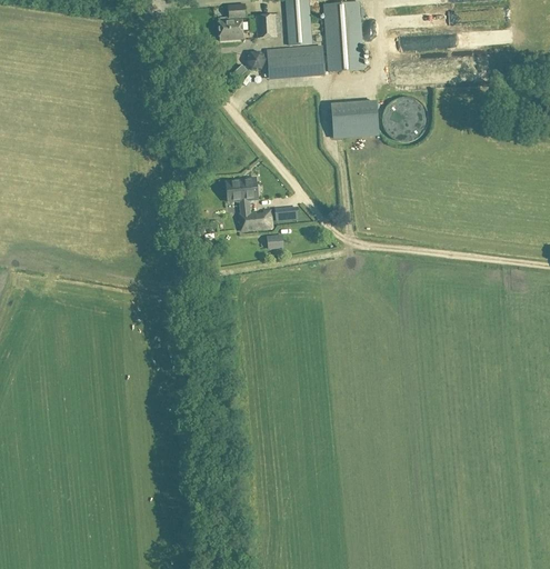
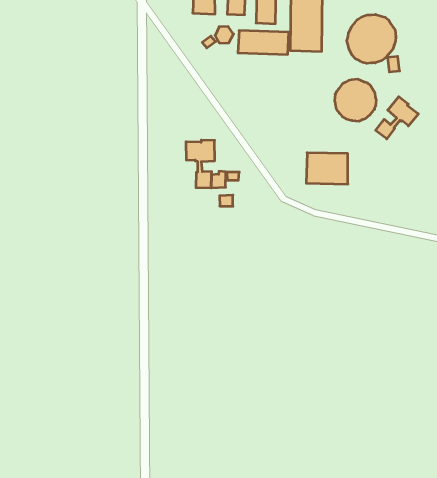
building: none -> [347,14,396,63]
building: [331,100,379,137] -> [306,153,348,184]
building: none -> [376,97,418,139]

